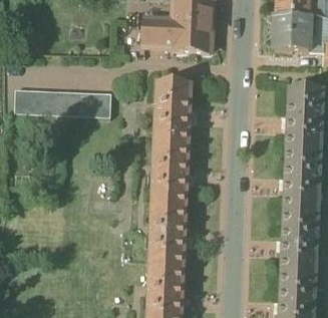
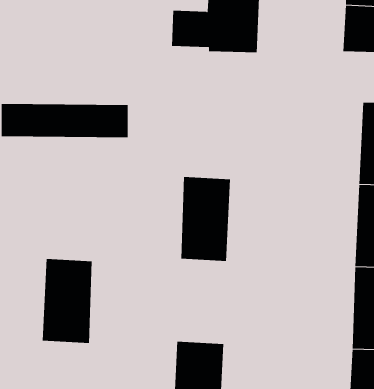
building: [153,82,193,146] -> none
building: [148,207,187,271] -> [42,258,92,344]

